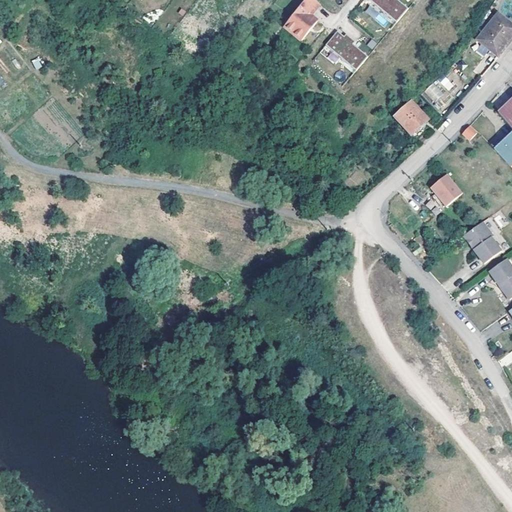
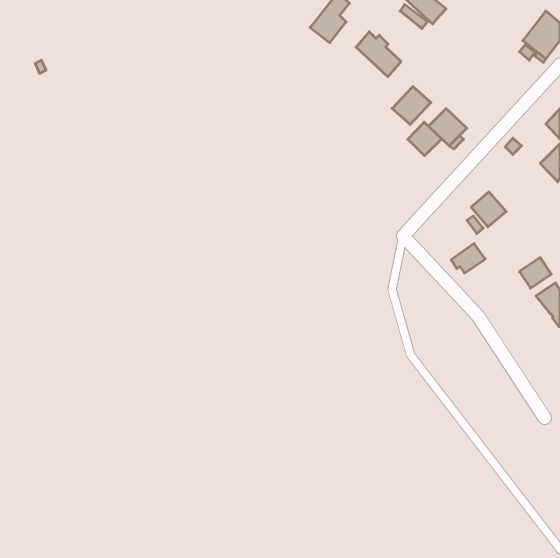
building: [422,72,454,109] -> none
building: none -> [392,86,431,125]
building: none -> [408,122,442,156]
building: [463,220,494,247] -> [451,243,485,273]

